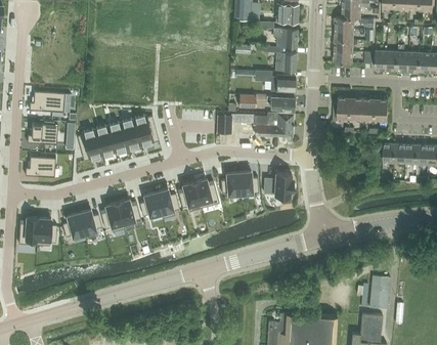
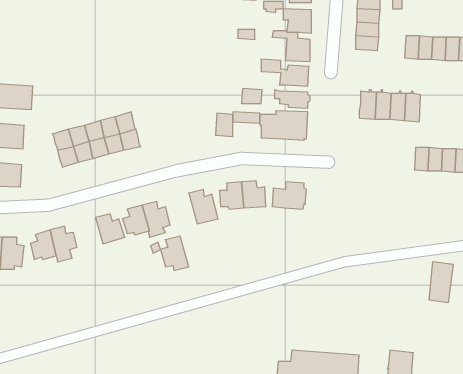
building: [178,181,202,210] -> [160,236,189,270]
building: [101,202,125,231] -> none
building: [368,275,389,309] -> [429,262,453,302]

